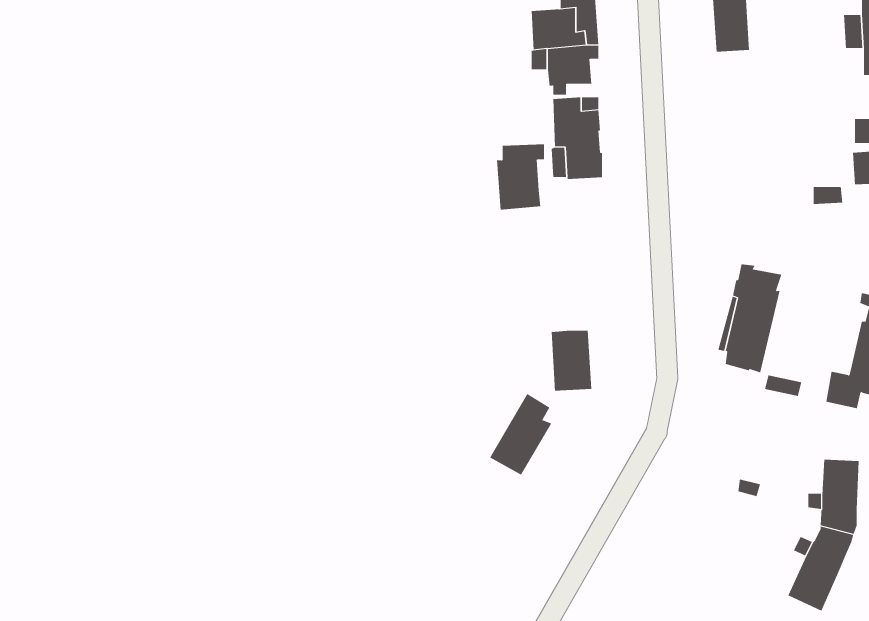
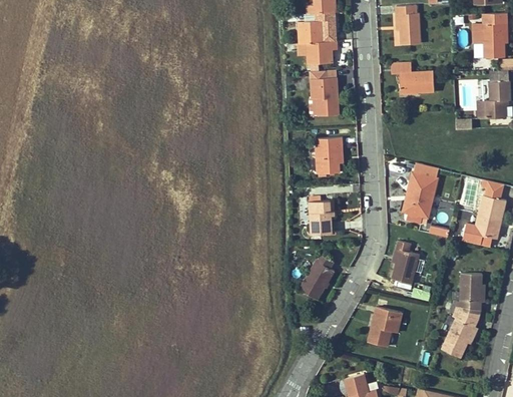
building: none -> [391,63,434,93]
building: [496,144,545,210] -> [315,137,342,174]
building: [489,393,552,476] -> [299,254,334,300]
building: none -> [391,241,419,284]
building: none -> [367,307,401,347]

